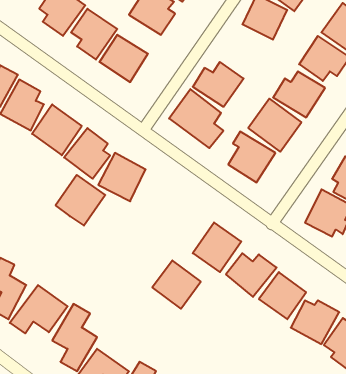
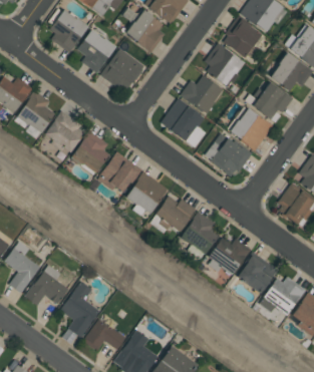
building: none -> [201,43,244,85]
building: [56,175,105,226] -> [125,171,168,215]
building: [152,260,201,309] -> [154,192,196,233]

